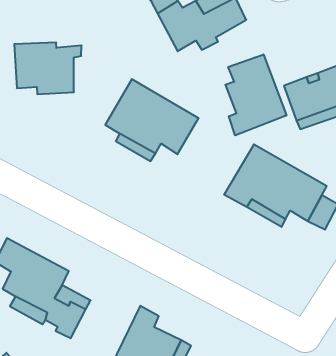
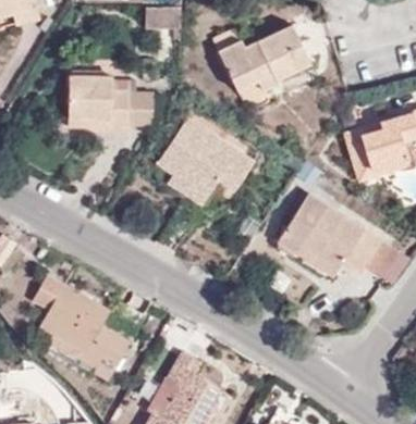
building: [225,54,286,135] -> none
building: none -> [126,90,154,127]

